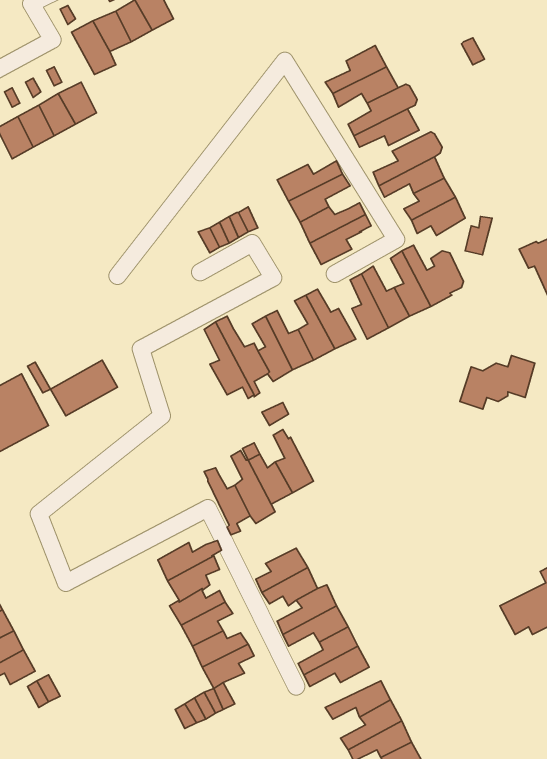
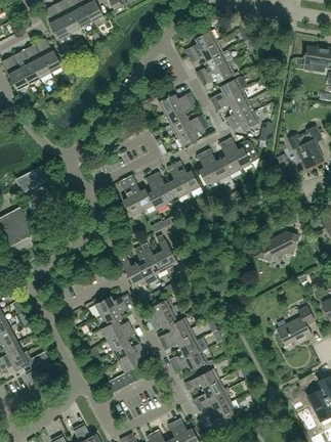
building: [460,355,535,409] -> [257,231,297,260]
building: [50,360,118,416] -> [14,164,50,193]

